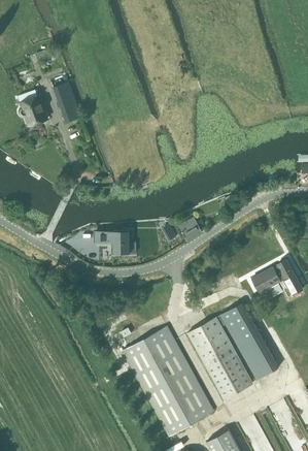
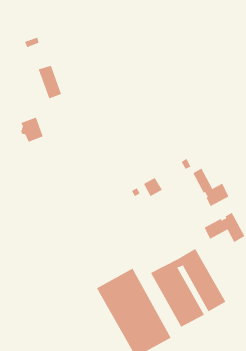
building: [20,95,47,126] -> [20,117,44,143]
building: none -> [193,168,229,207]
building: [96,230,130,253] -> none

